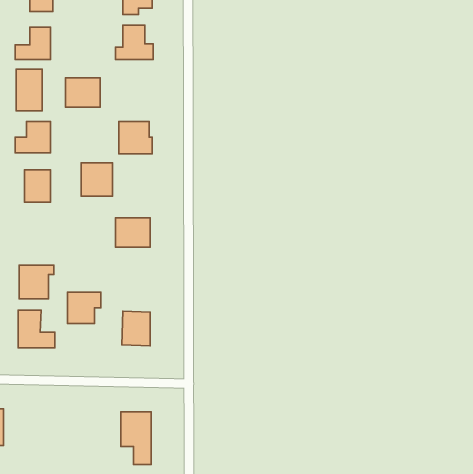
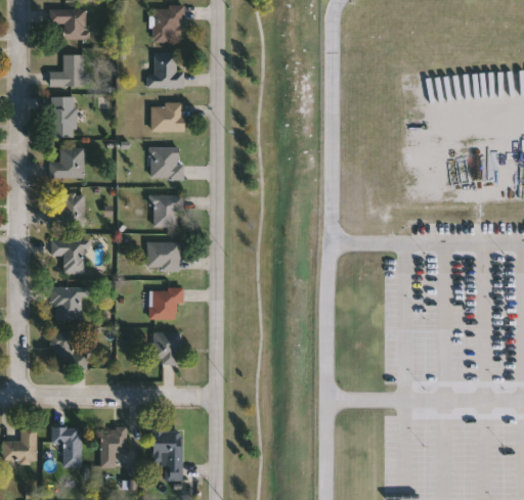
building: [66,78,100,107] -> [149,103,183,132]
building: [81,163,113,196] -> [150,194,181,227]
building: none -> [50,239,87,274]
building: [67,292,101,324] -> [149,288,182,319]
building: none -> [51,428,81,468]
building: none -> [99,429,126,468]

